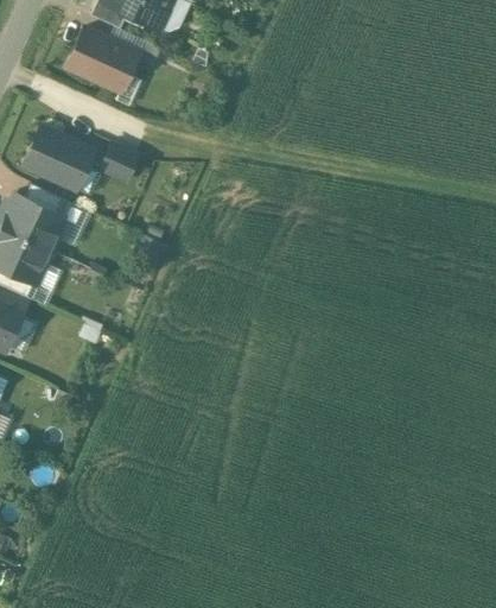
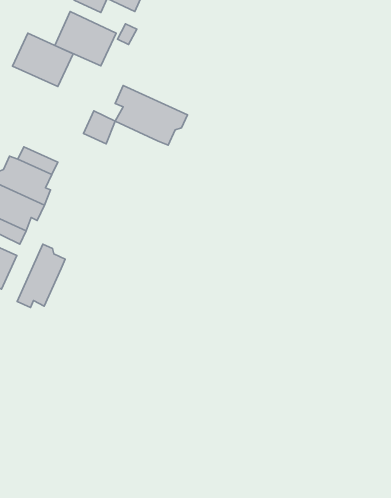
building: none -> [115,86,188,145]
building: [23,128,93,190] -> [13,33,73,87]
building: none -> [17,244,65,307]

